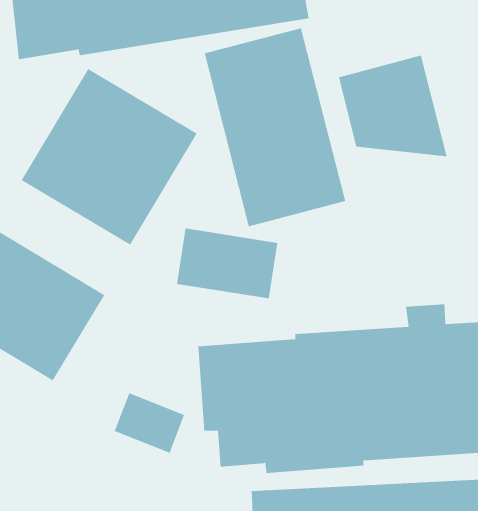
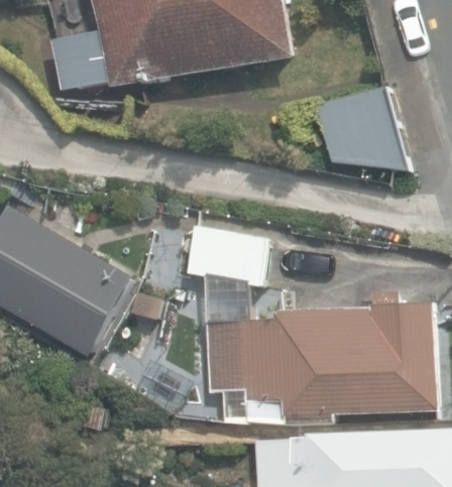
building: [204,27,346,227] -> none
building: [21,68,198,246] -> none

